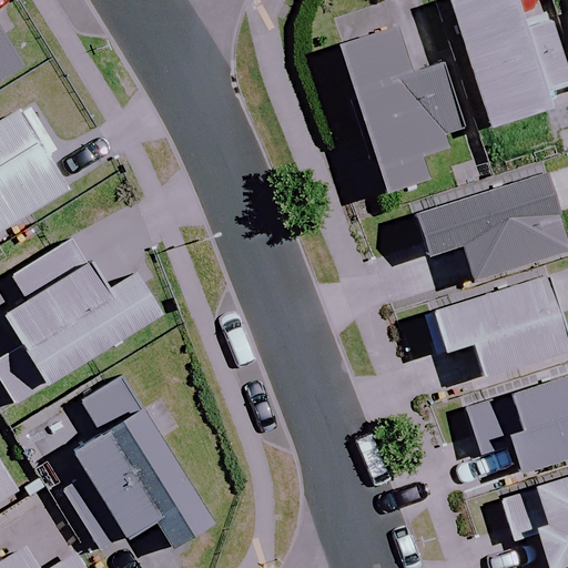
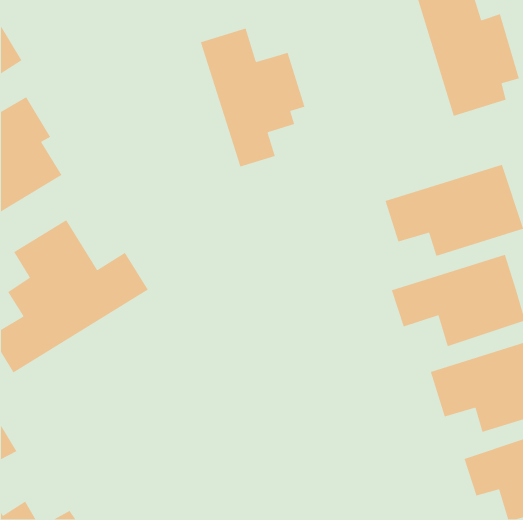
building: [347,41,462,193] -> [200,27,306,168]
building: [70,410,212,551] -> none

